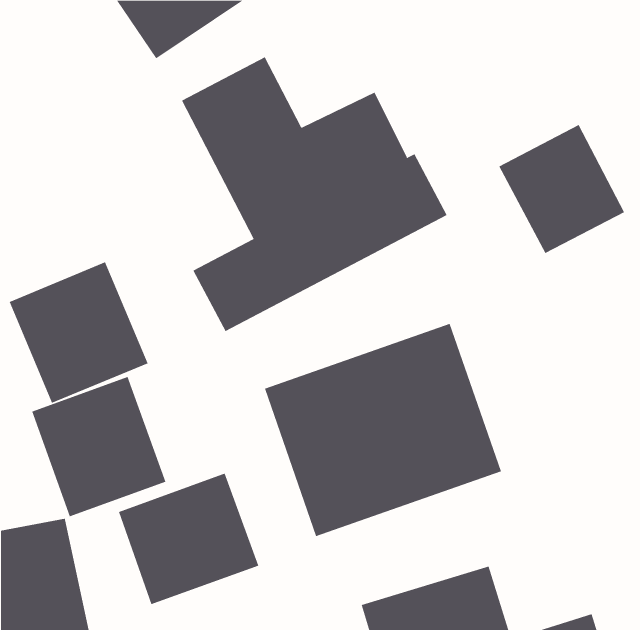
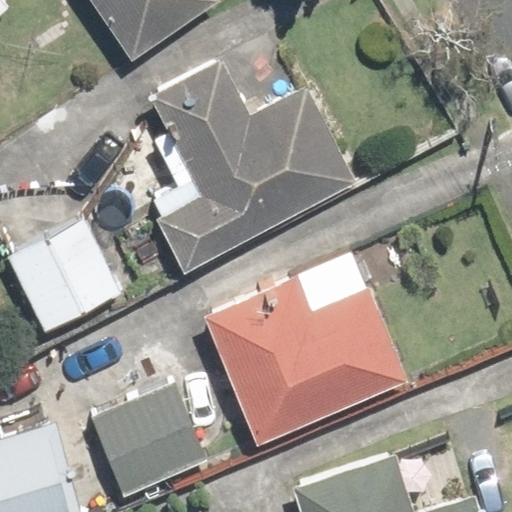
building: [499,124,625,254] -> none
building: [31,376,166,517] -> none

